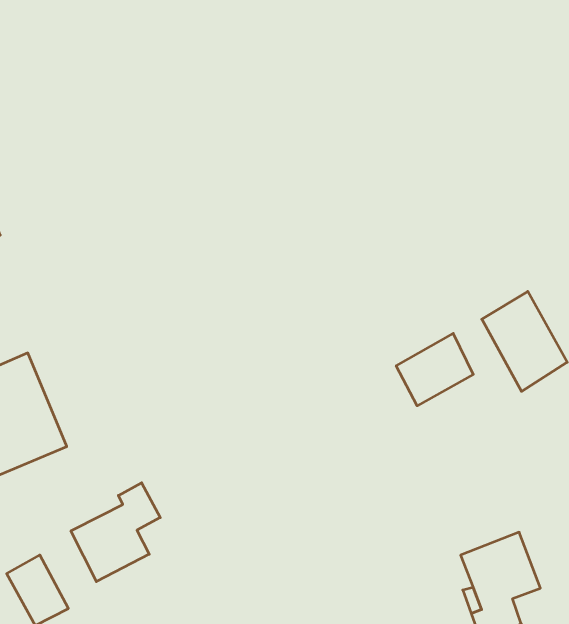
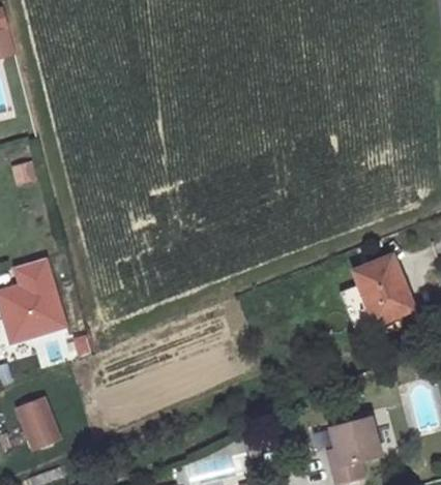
building: [396,333,473,406] -> none
building: [71,483,160,582] -> none

